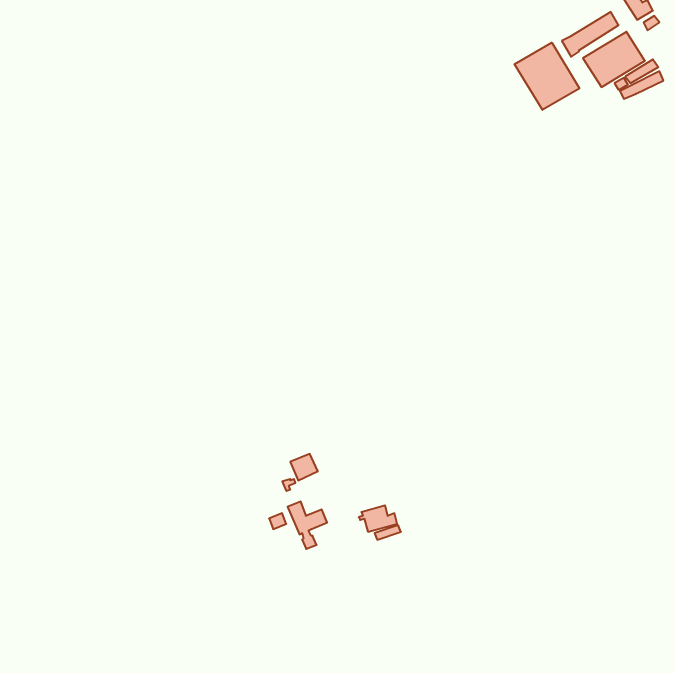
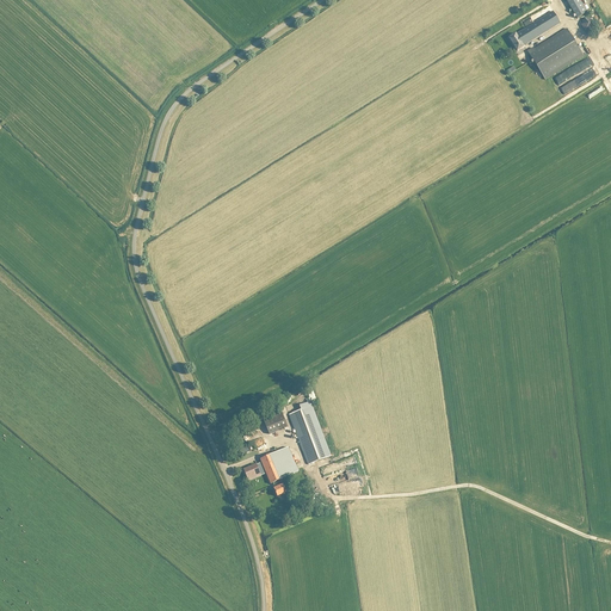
building: [515,43,579,110] -> none
building: none -> [289,406,331,464]

